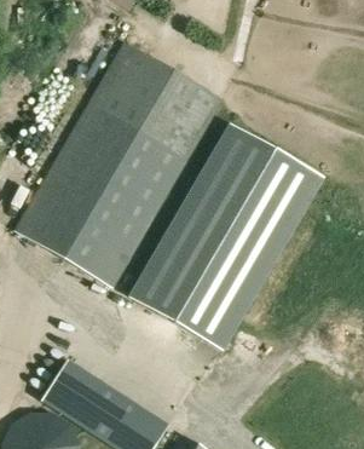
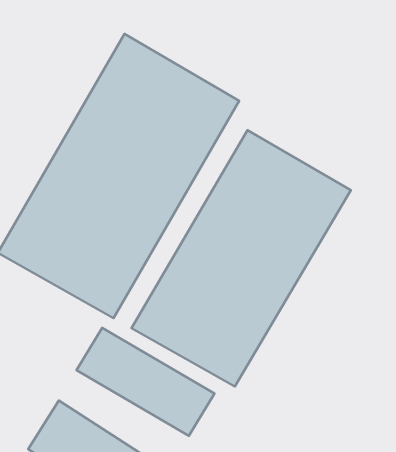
building: none -> [76,328,214,436]

